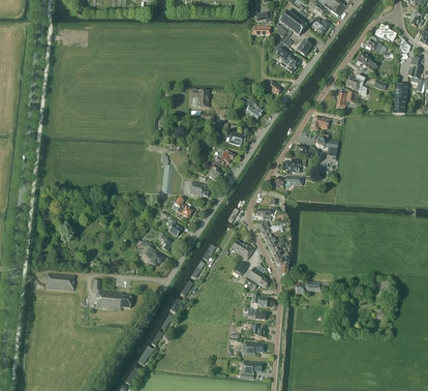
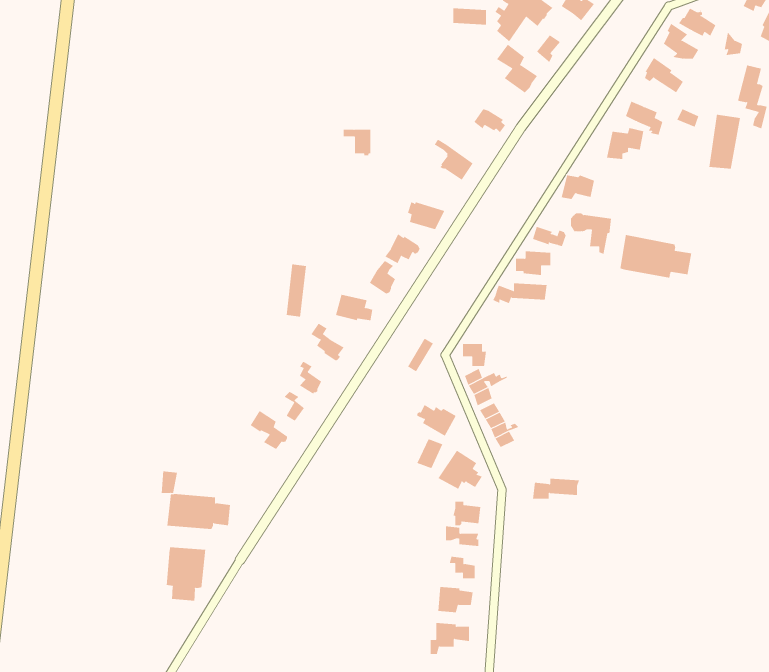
building: none -> [620,234,692,279]
building: [47,272,74,290] -> none
building: none -> [166,547,206,601]

